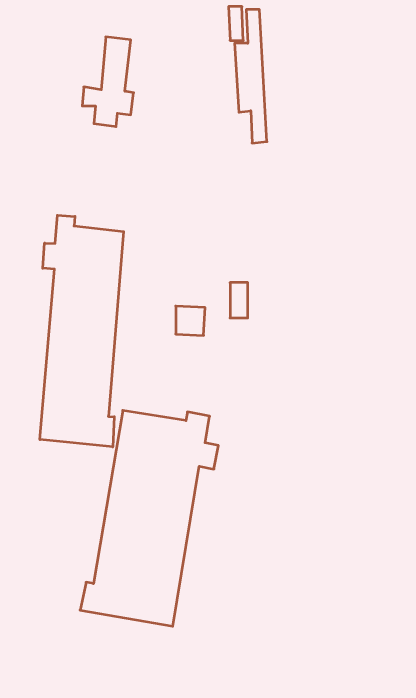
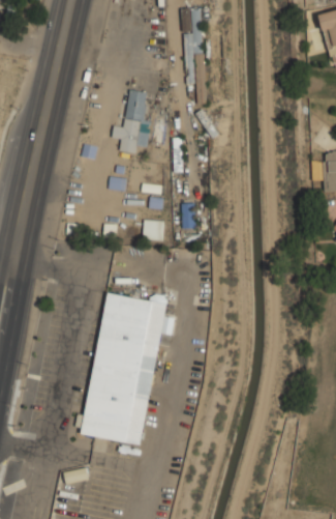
building: [82,37,134,127] -> [112,89,148,152]
building: [40,215,124,447] -> none

